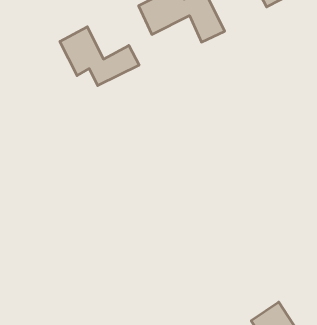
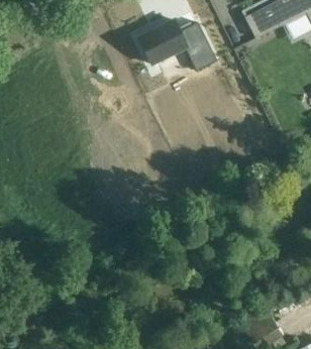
building: [60,27,139,86] -> none

